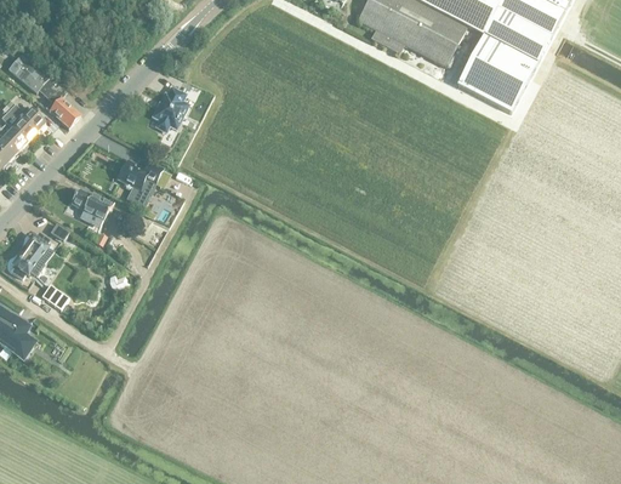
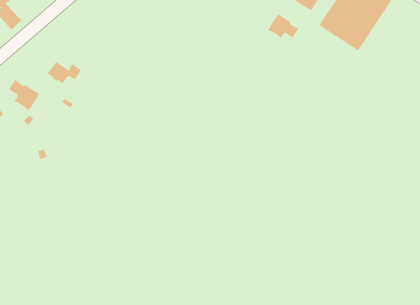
building: none -> [267,13,299,39]
building: [152,86,188,131] -> none

